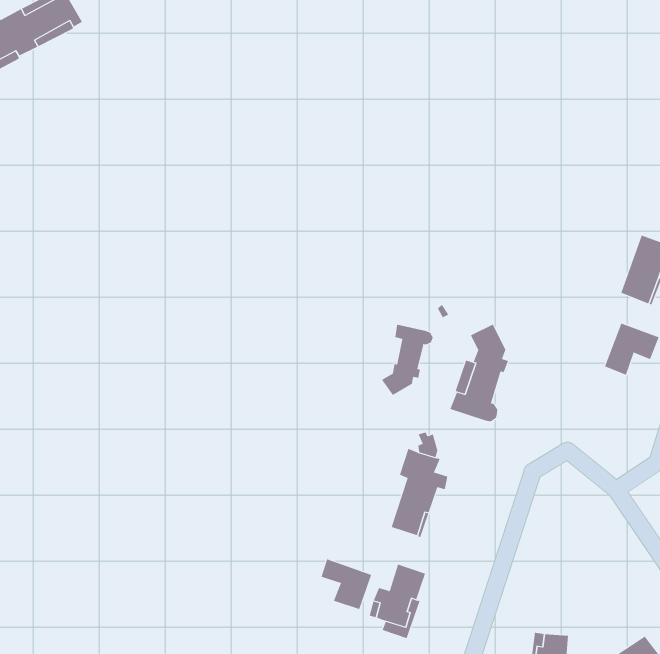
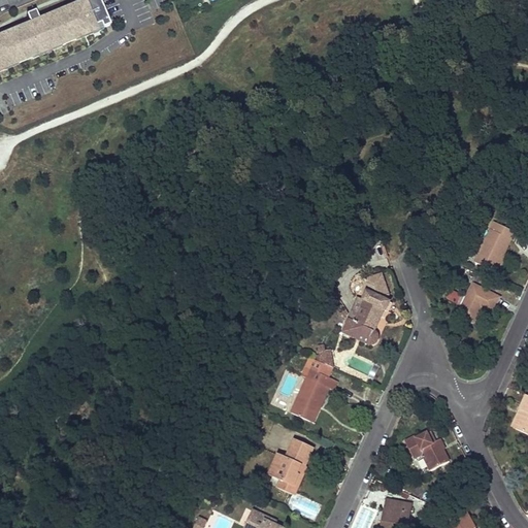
building: [381,324,433,396] -> none
building: none -> [404,431,449,468]
building: [321,559,372,610] -> none

